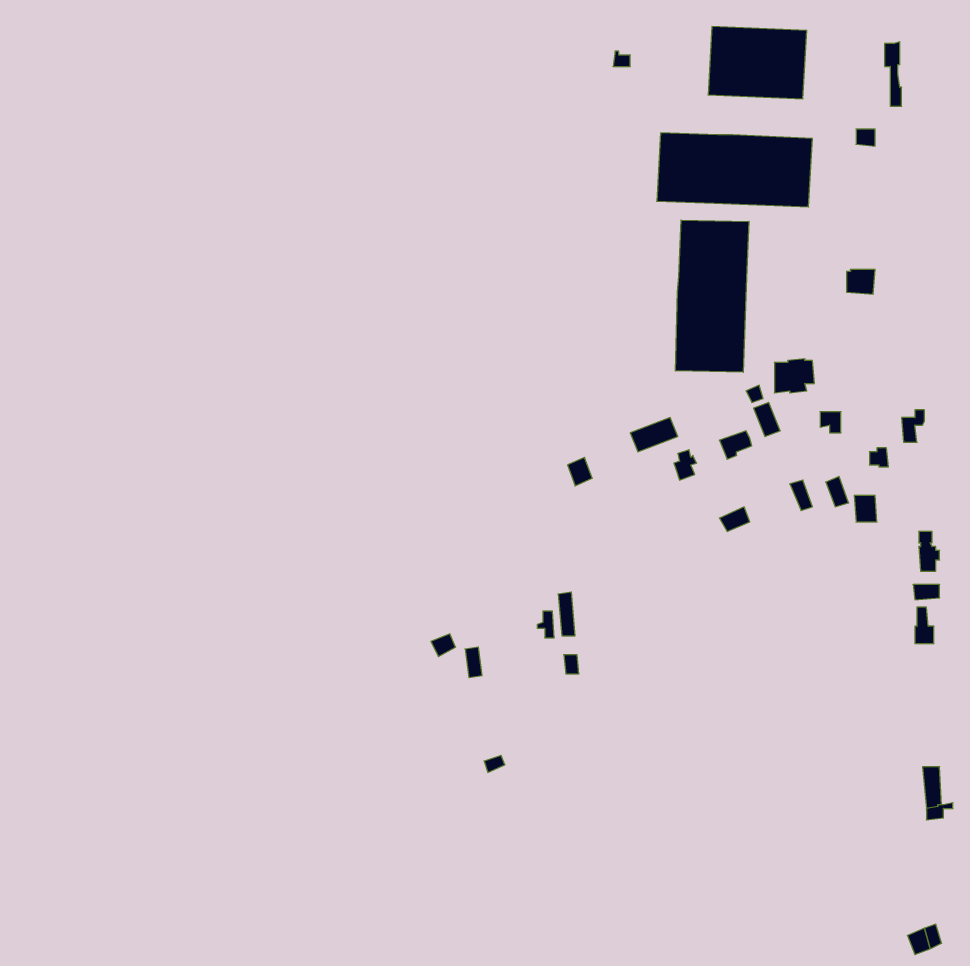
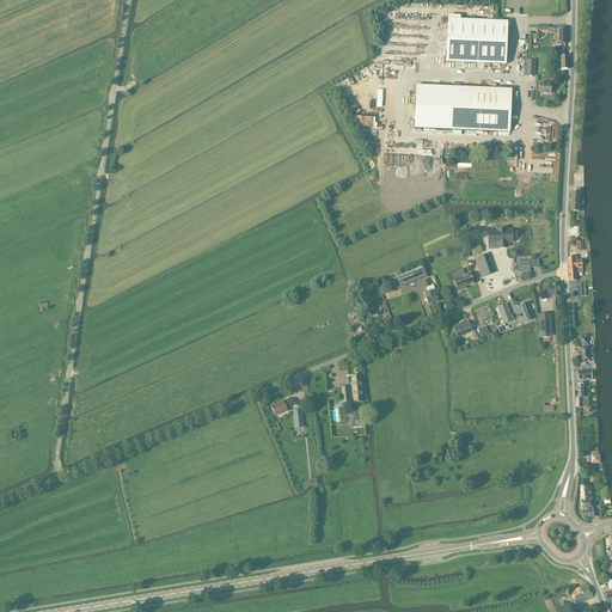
building: [675,220,749,372] -> none

